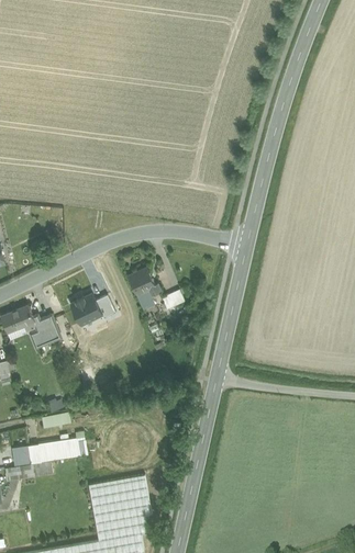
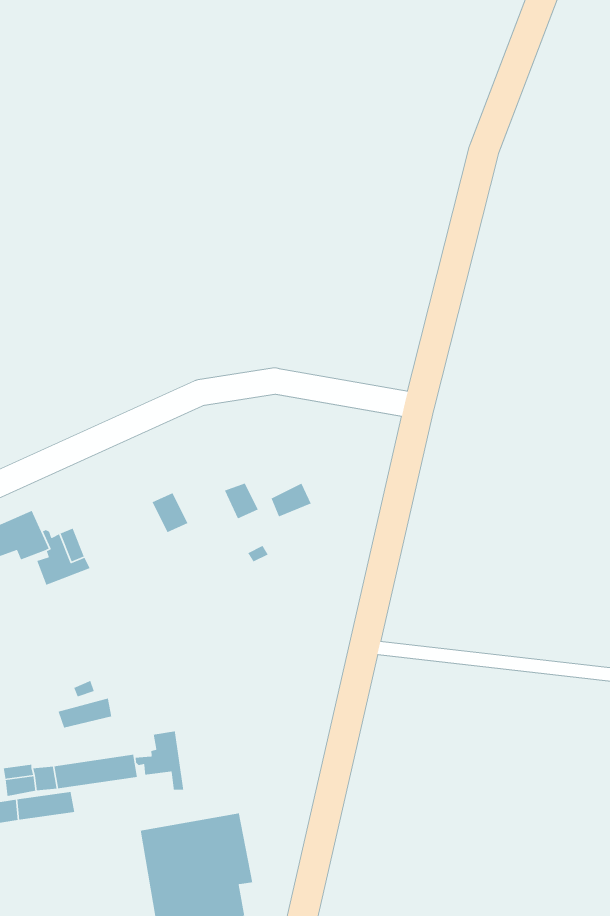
building: [127,267,160,295] -> none
building: [70,293,101,323] -> none
building: none -> [135,731,184,791]

